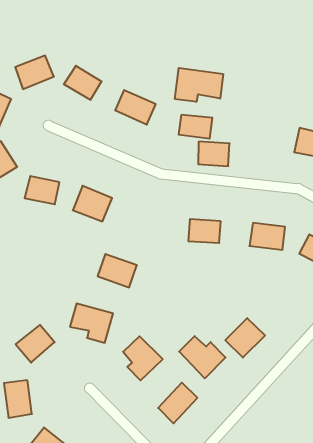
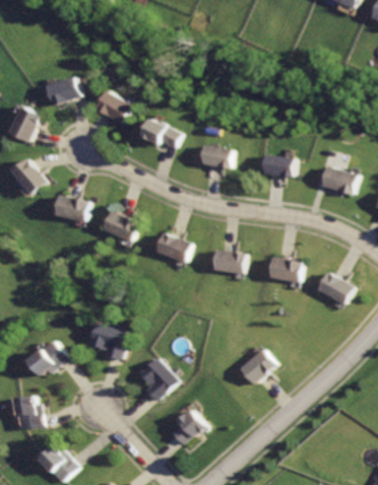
building: [175,68,223,102] -> none
building: [198,142,230,166] -> [265,151,298,178]
building: [98,254,137,287] -> [149,226,189,261]
building: [179,336,226,378] -> none

